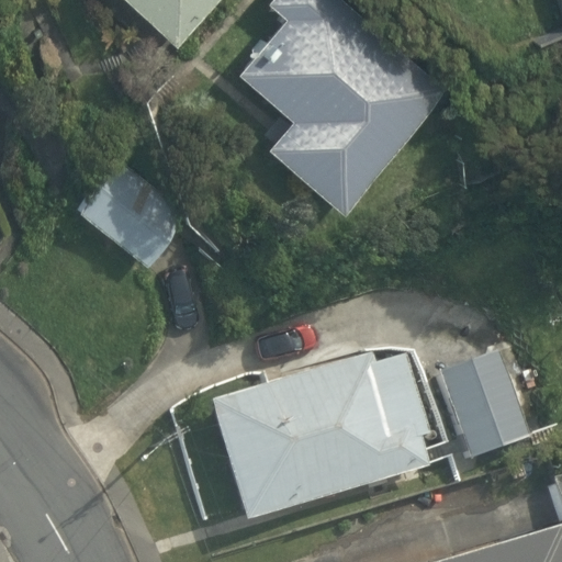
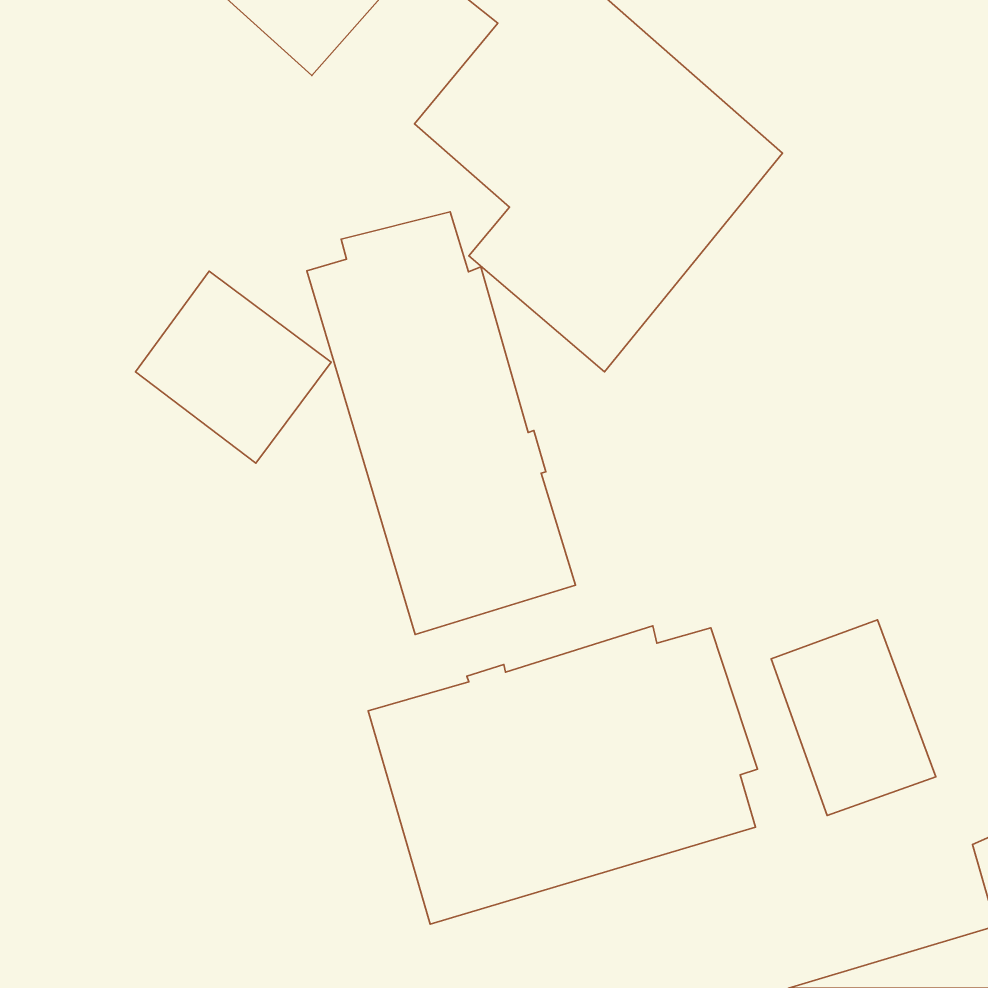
building: none -> [307,212,575,634]

